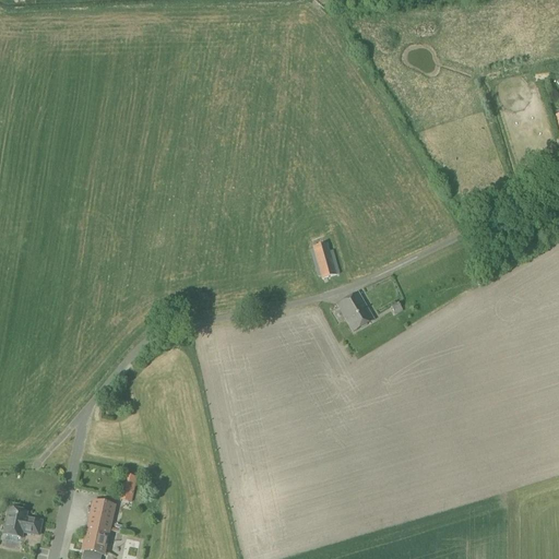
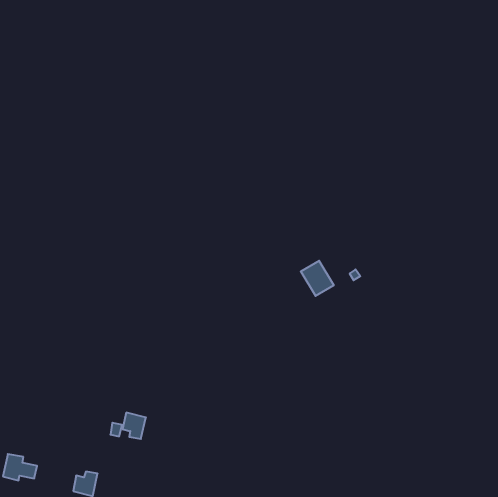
building: [311,242,340,278] -> none
building: [90,500,116,530] -> [122,413,146,439]

